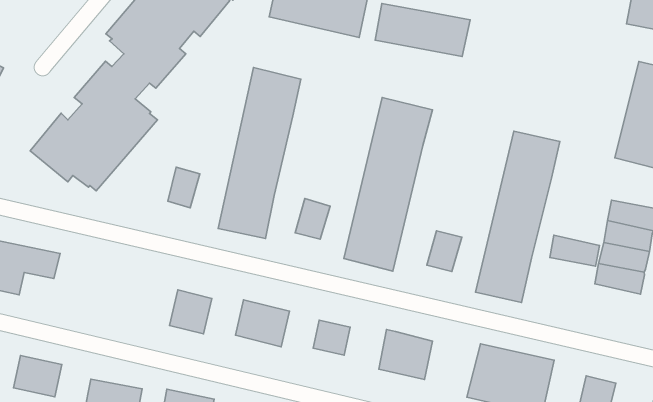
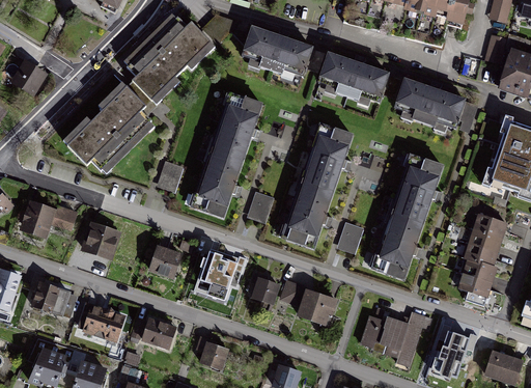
building: none -> [394,80,465,123]
building: [550,235,599,266] -> [454,271,491,296]
building: none -> [83,223,119,260]
building: none -> [281,280,305,306]

